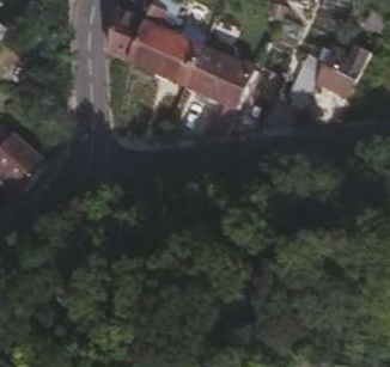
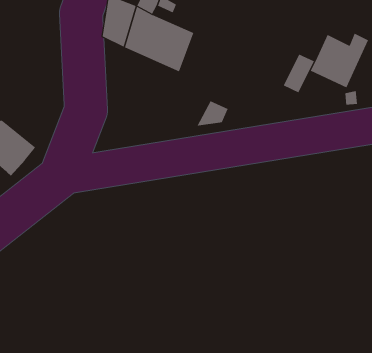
building: [185,47,255,110] -> none

